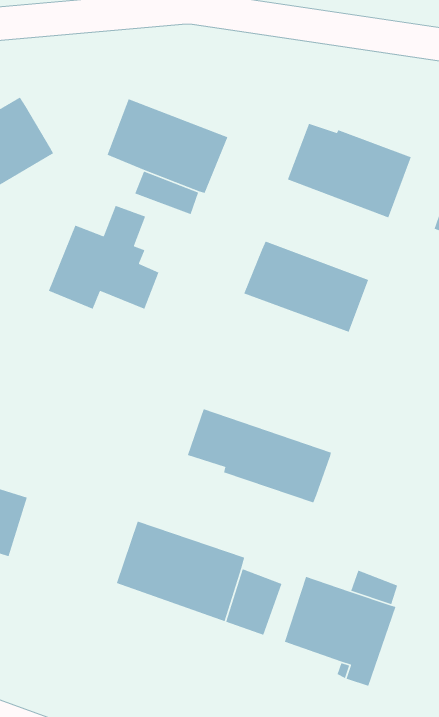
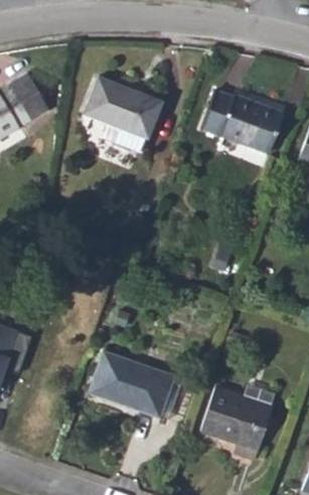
building: [48,205,159,310] -> none
building: [243,241,369,333] -> none
building: [187,408,332,504] -> none

